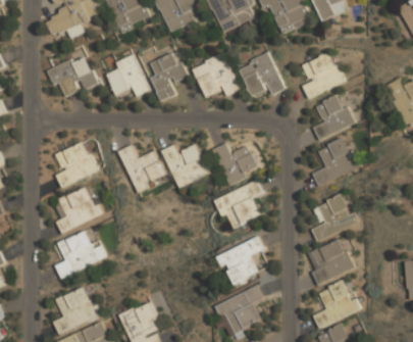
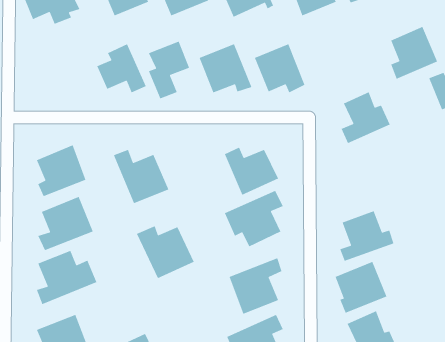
building: [302,53,343,99] -> [390,26,438,80]
building: [46,56,96,97] -> none
building: [312,140,359,186] -> none
building: [160,143,210,189] -> [136,225,195,279]

